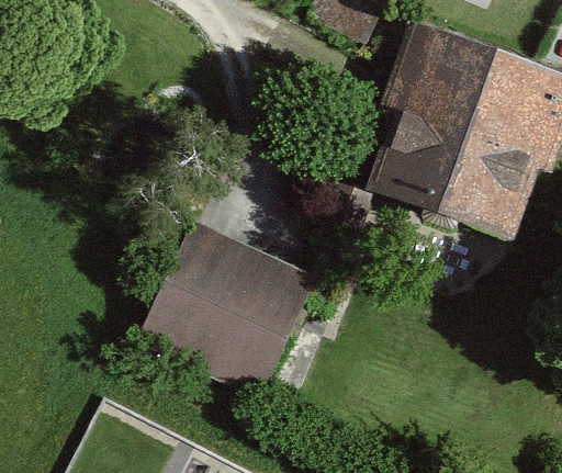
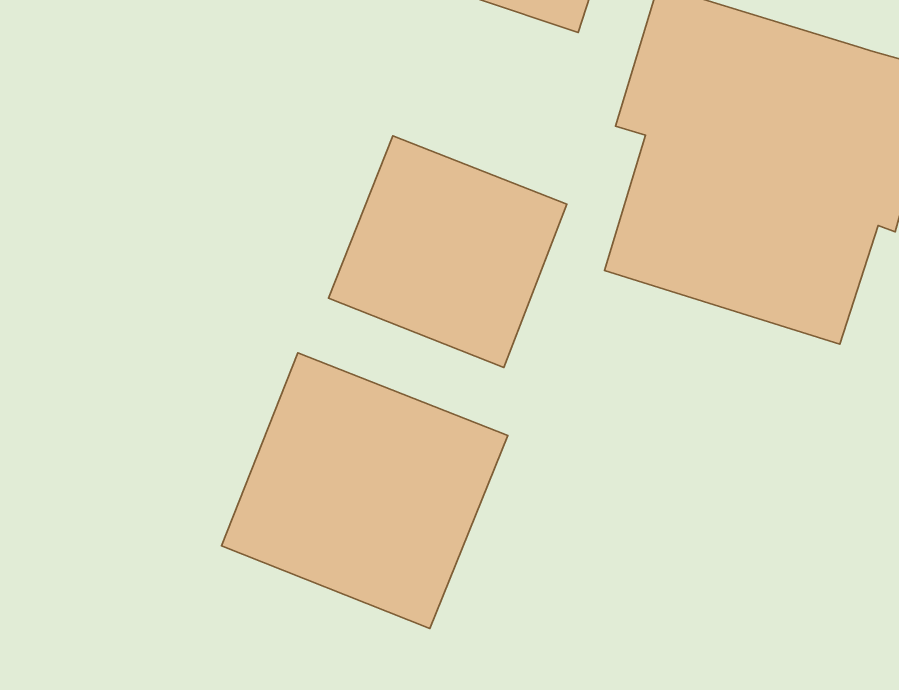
building: none -> [329,136,567,368]

